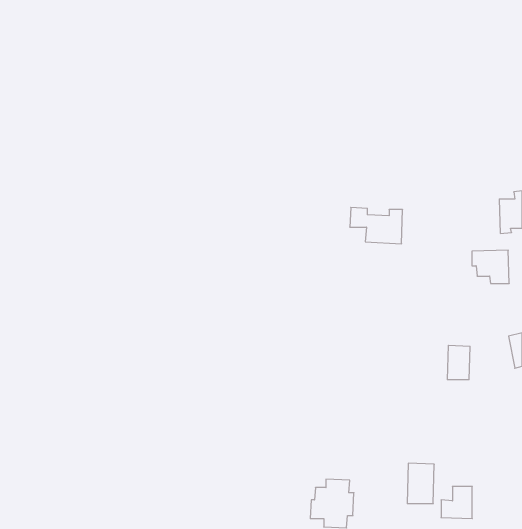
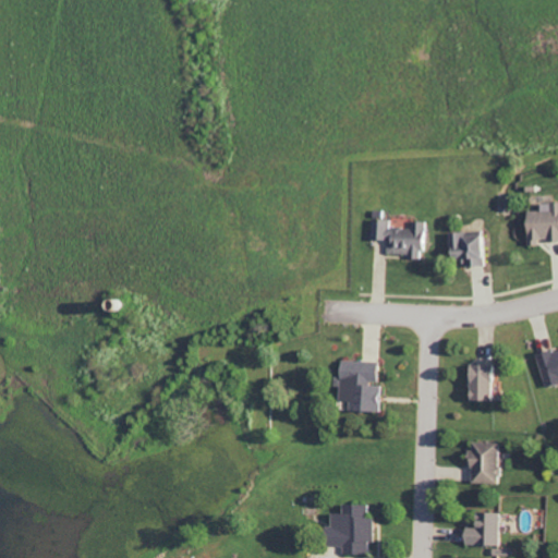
building: [472,250,509,283] -> [446,230,485,265]
building: none -> [338,360,378,410]
building: [407,463,434,504] -> [468,440,496,483]

